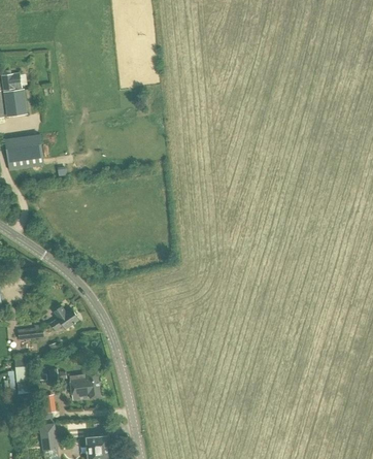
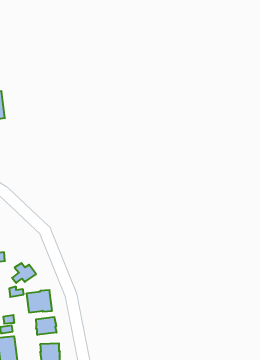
building: [49,305,78,329] -> [12,263,36,283]
building: none -> [36,317,56,335]

